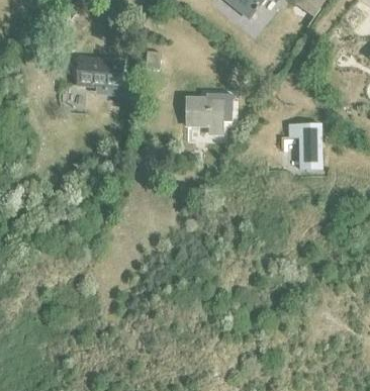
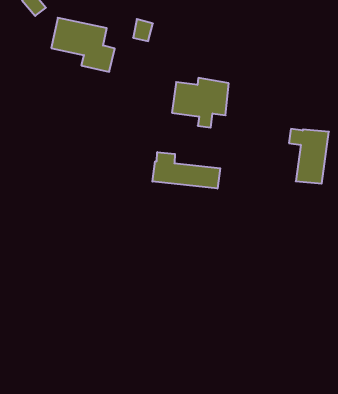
building: none -> [152,152,220,189]

